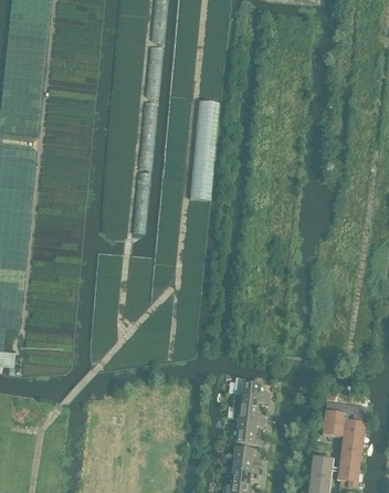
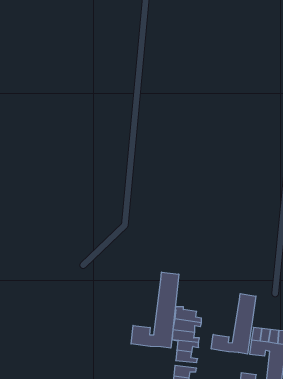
building: none -> [131,272,179,348]
building: none -> [211,294,256,354]

